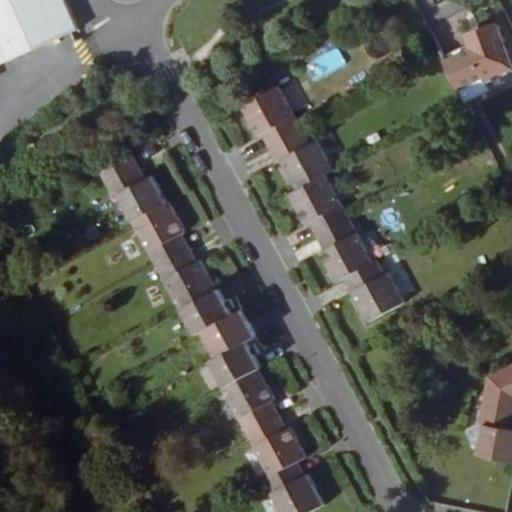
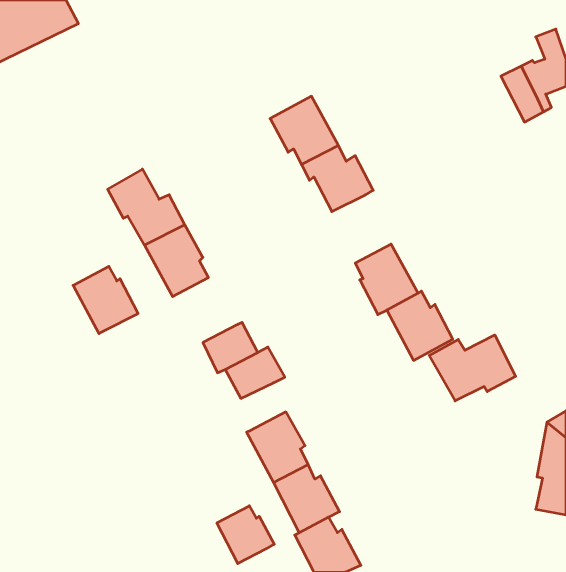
building: [289,174,349,235] -> none
building: [154,248,212,308] -> [73,266,138,334]
building: none -> [429,335,516,401]
building: [209,342,258,385] -> none
building: none -> [217,506,274,564]

